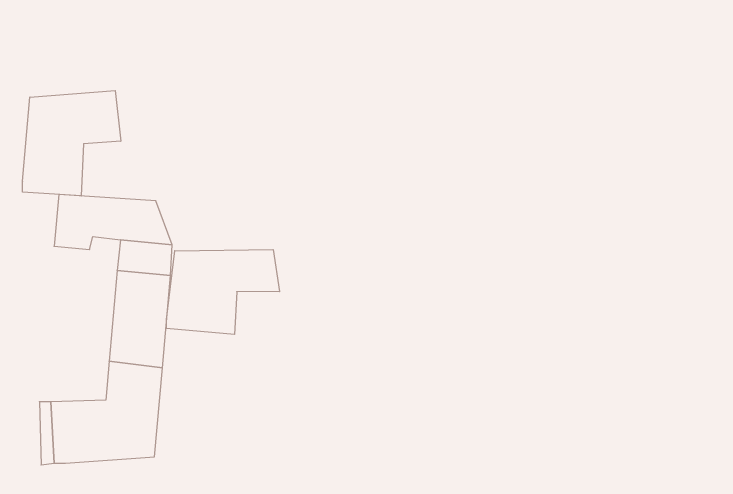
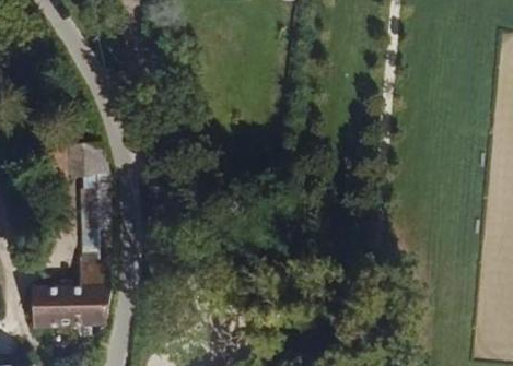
building: [23,91,121,196] -> none
building: [167,250,280,334] -> none

